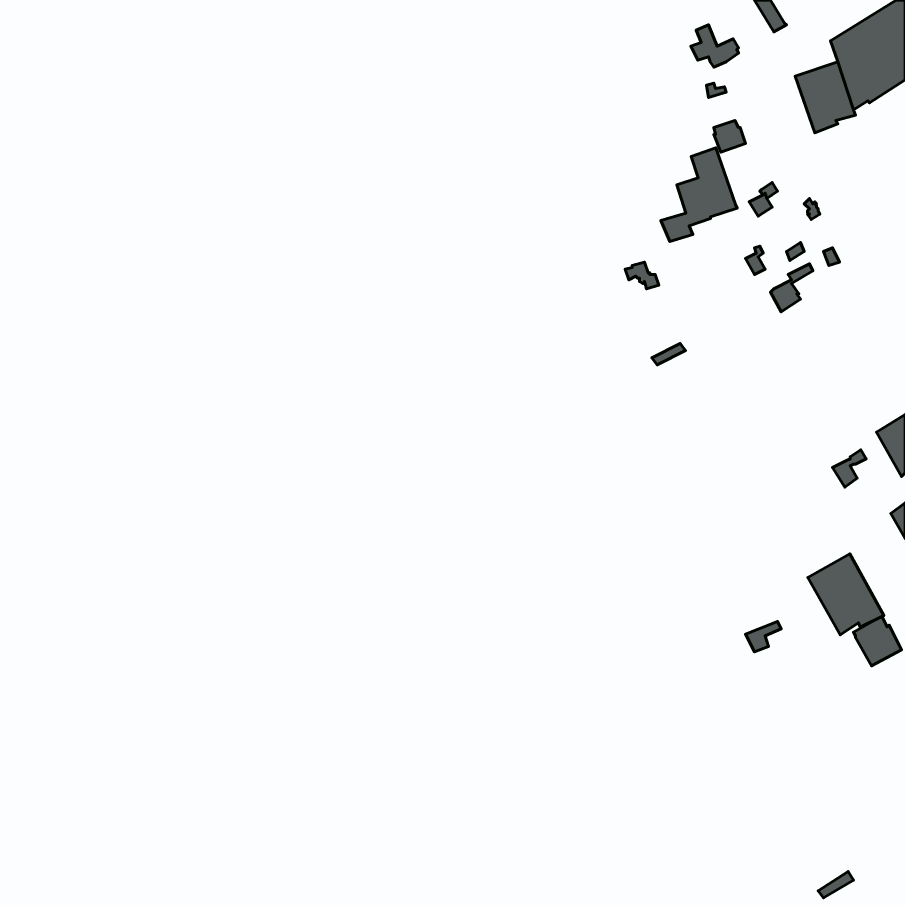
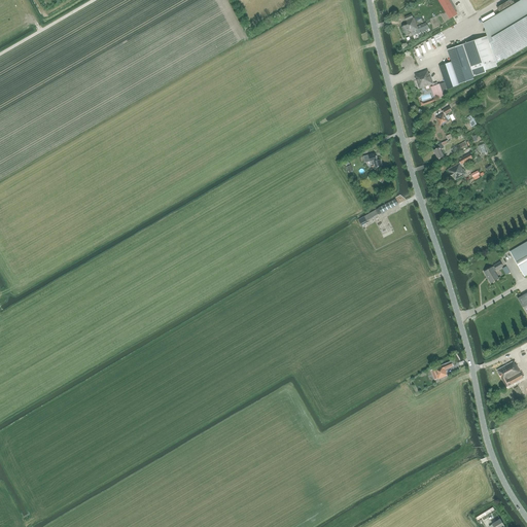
building: [661,148,737,242] -> [430,44,475,99]
building: [808,554,884,635] -> none

